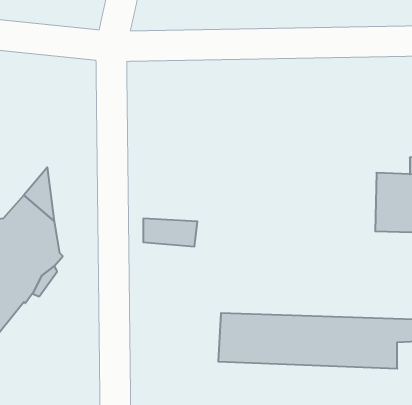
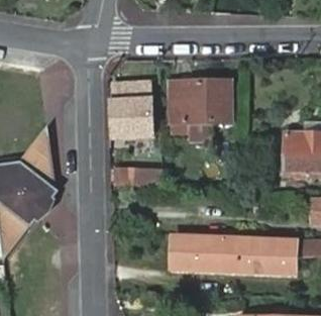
building: none -> [170,80,231,121]
building: none -> [111,87,154,130]

